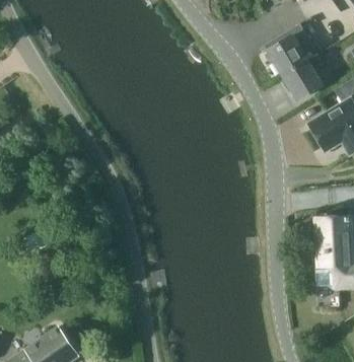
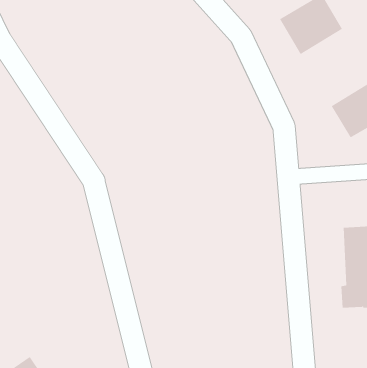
building: [282,55,323,100] -> none

